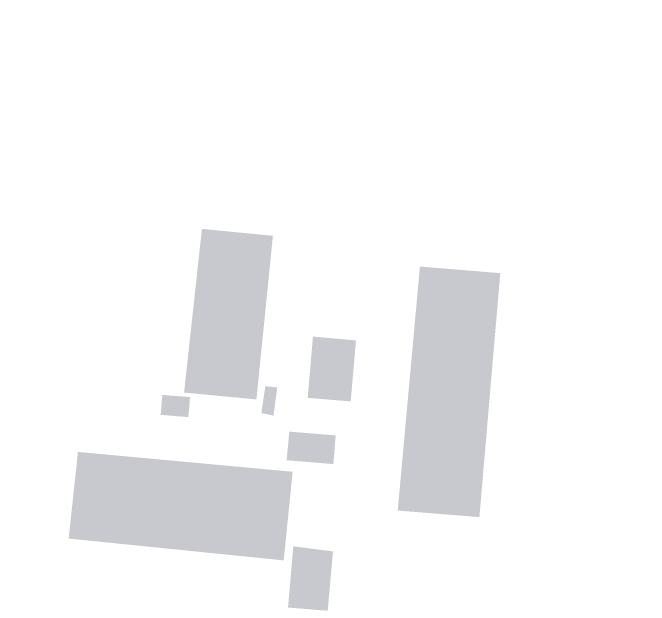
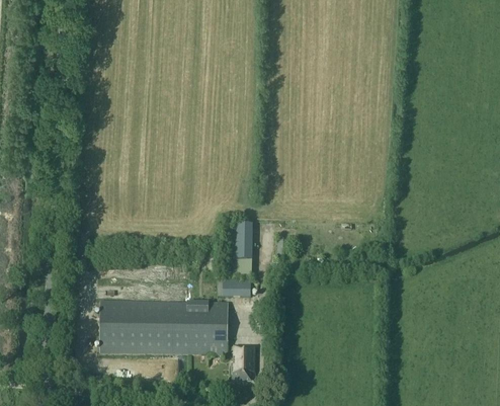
building: [184,228,273,400] -> none
building: [397,266,501,518] -> none

